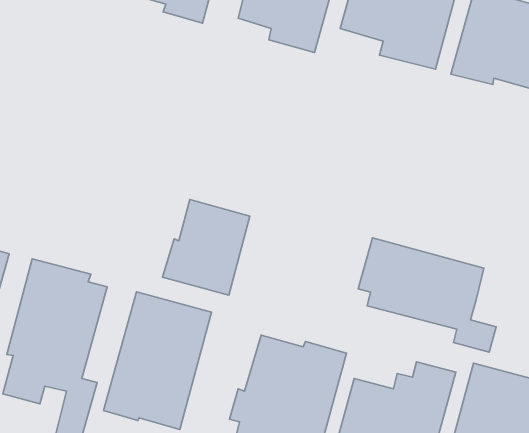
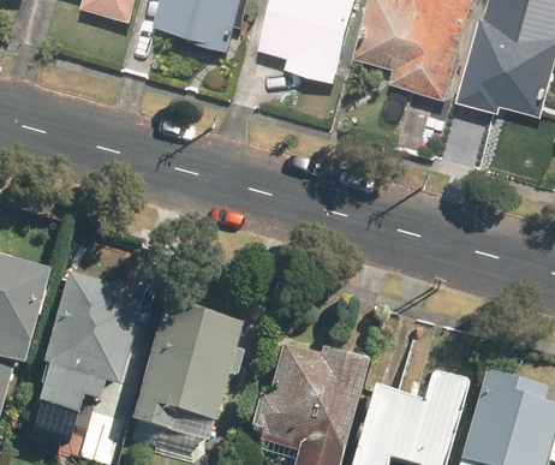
building: [163,200,250,295] -> none
building: [358,238,496,352] -> none

